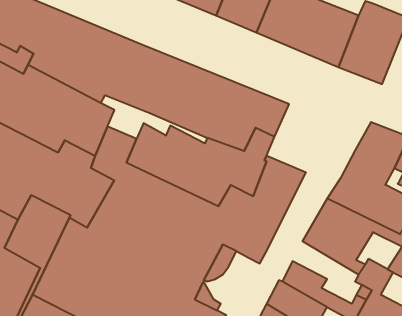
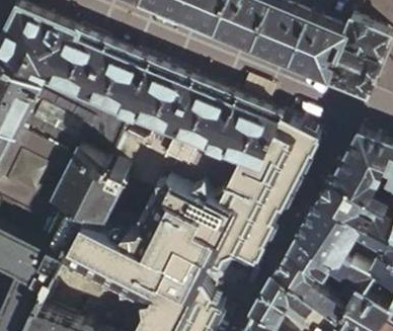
building: none -> [261,115,318,177]
building: none -> [285,239,331,277]

